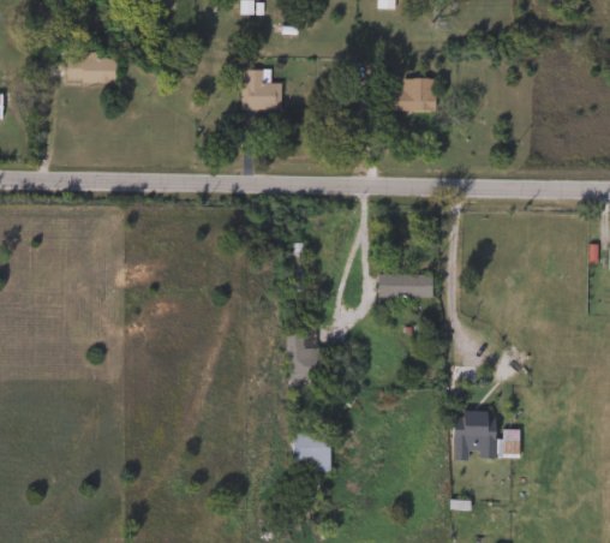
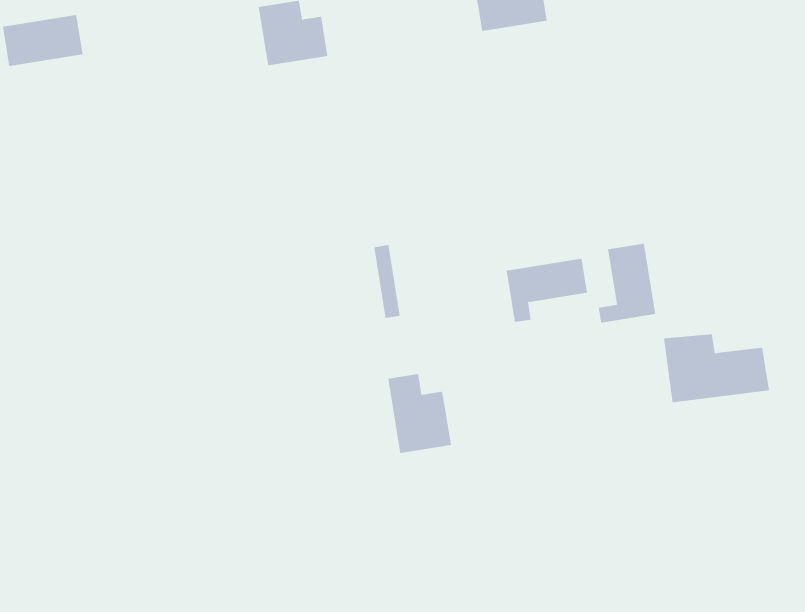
building: none -> [598,243,656,323]
building: [453,412,520,459] -> [663,334,770,403]
building: [293,431,330,472] -> none

